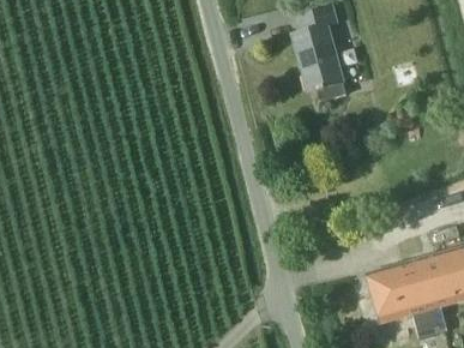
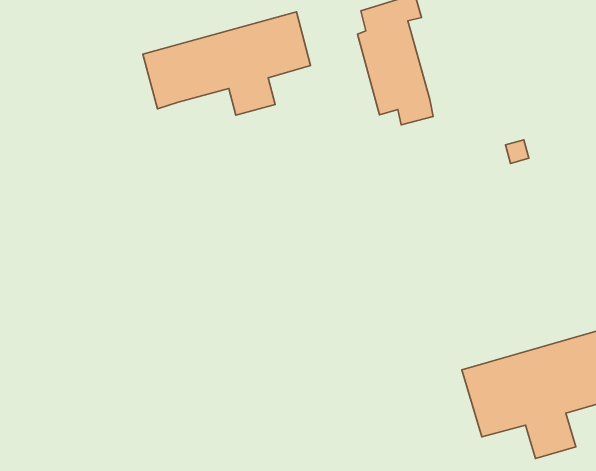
building: none -> [143,12,310,115]

